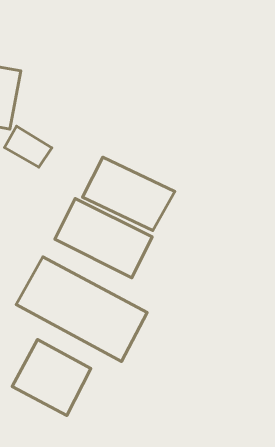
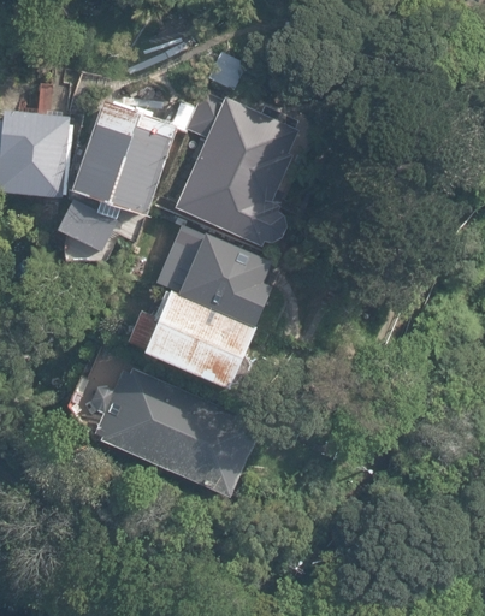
building: none -> [76,109,173,215]
building: none -> [177,105,314,249]
building: [12,339,91,416] -> none

